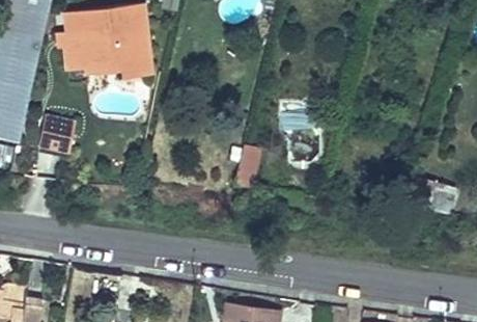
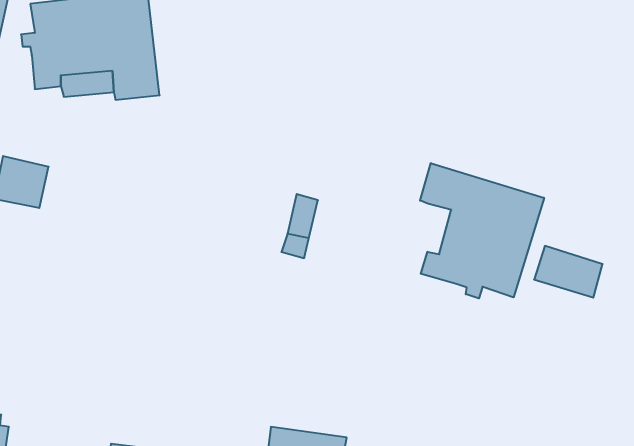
building: none -> [420,163,544,298]

